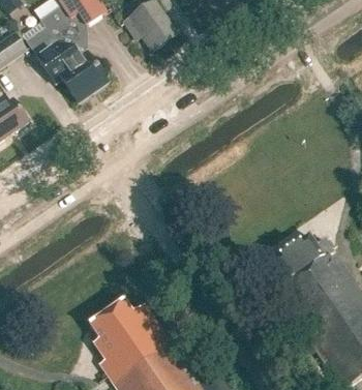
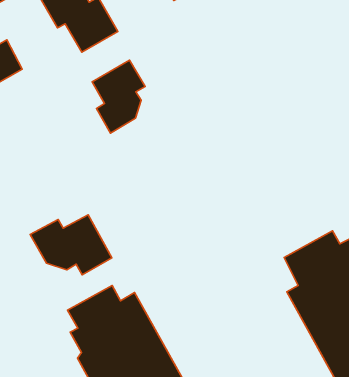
building: none -> [92,60,145,133]
building: none -> [30,215,112,275]

